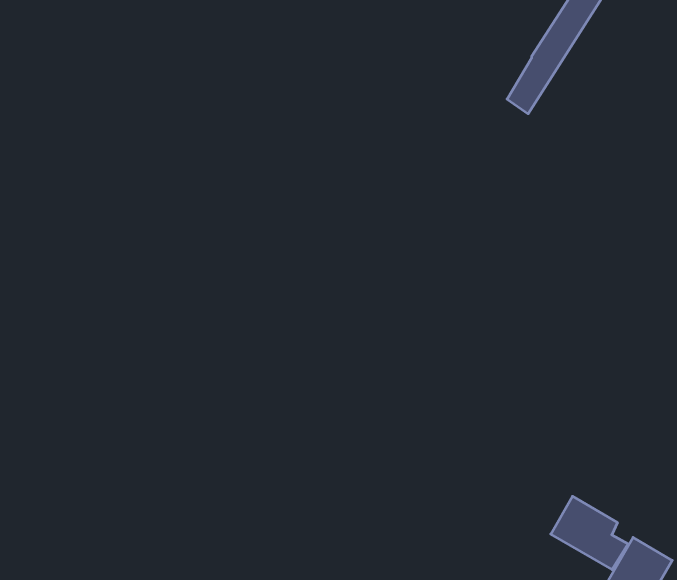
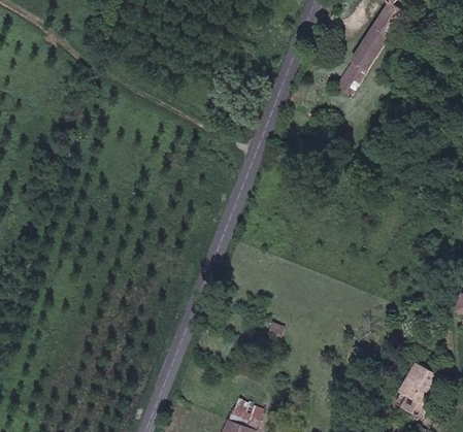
building: [551,496,628,570] -> none

